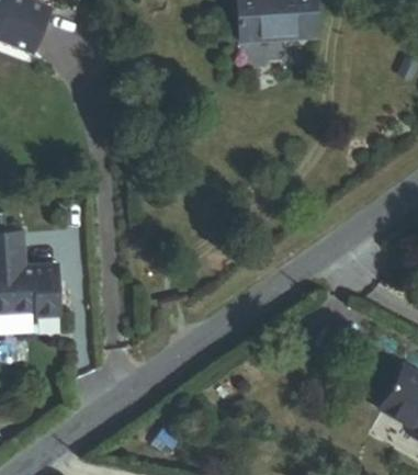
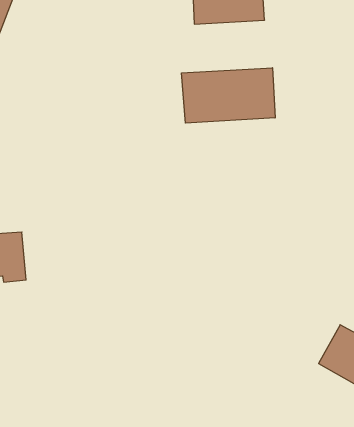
building: none -> [182,68,275,123]

